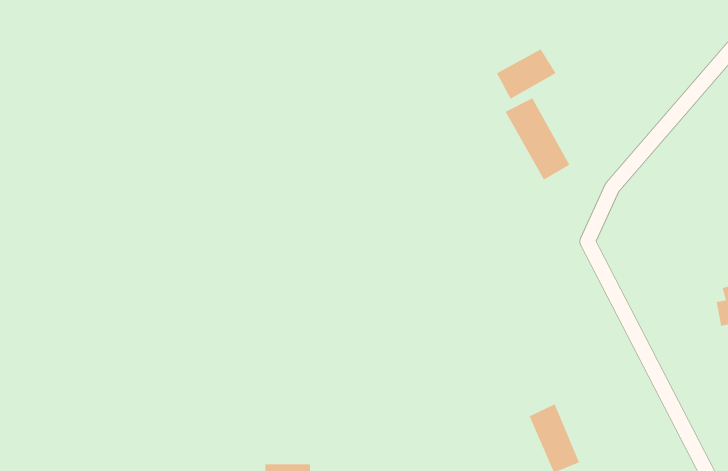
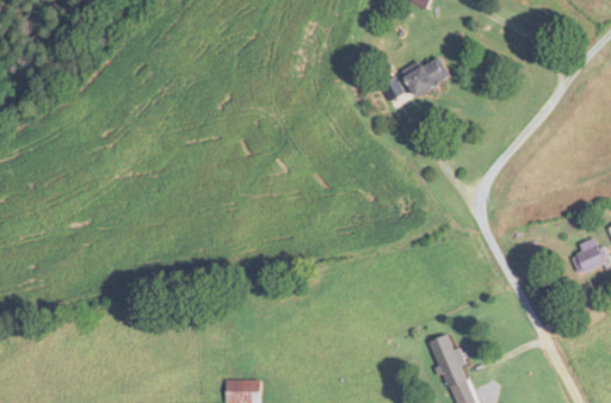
building: [505,97,570,180] -> none

